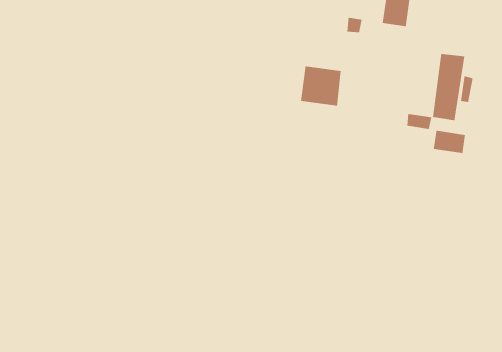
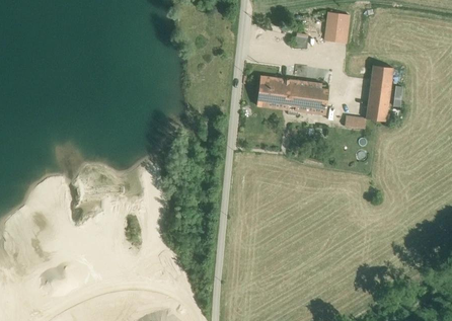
building: none -> [288,80,329,114]
building: [433,130,465,154] -> none

